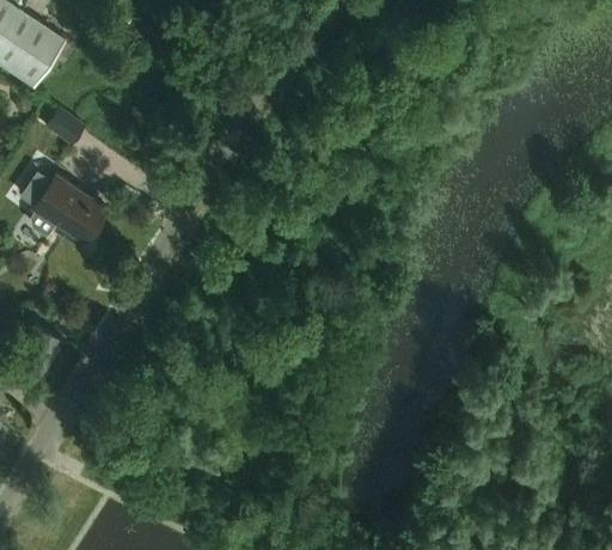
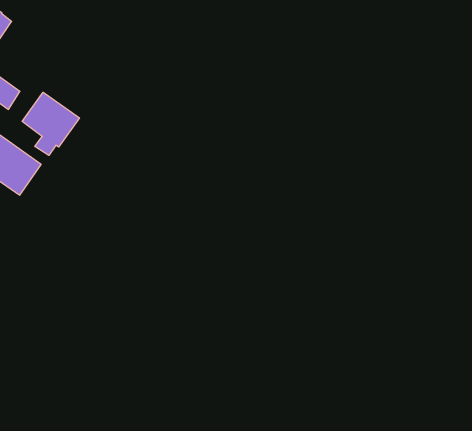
building: none -> [22,92,79,155]

